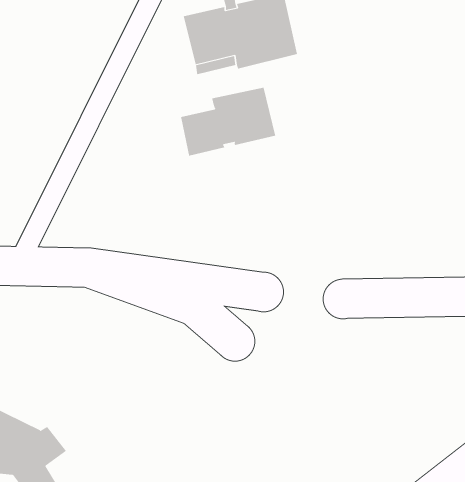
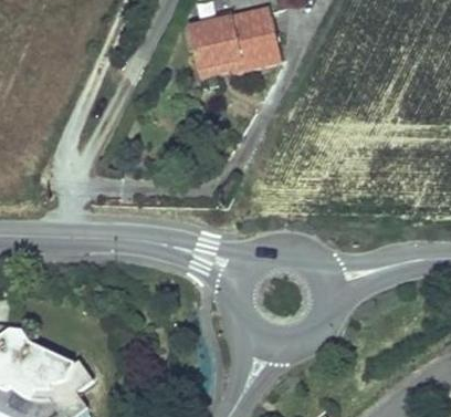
building: [180,87,276,156] -> none

